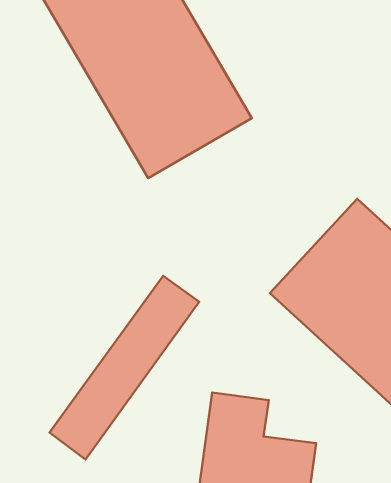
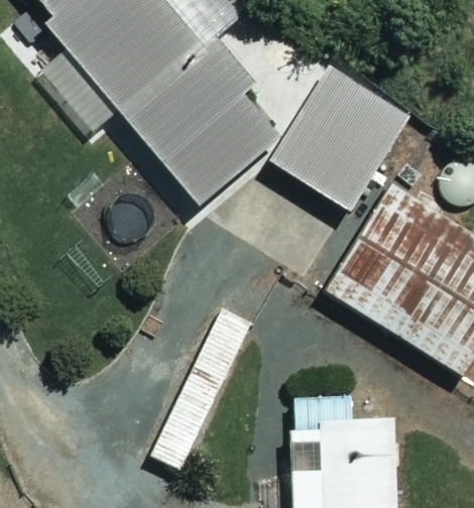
building: none -> [272,69,408,211]

